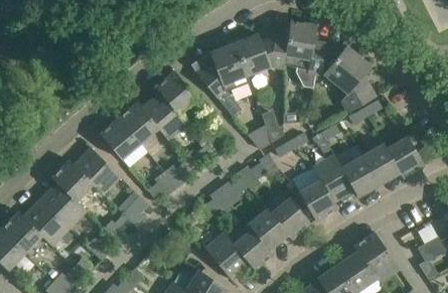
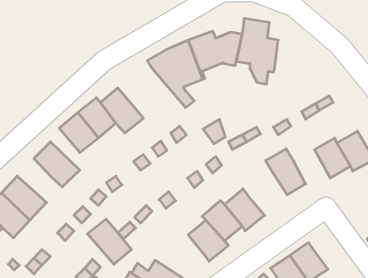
building: [321,43,376,113] -> none
building: [155,71,196,113] -> none
building: [341,156,379,197] -> none
building: [51,160,92,200] -> none
building: [298,179,337,222] -> none
building: [353,233,394,274] -> none
building: [204,234,250,280] -> [87,219,131,264]

